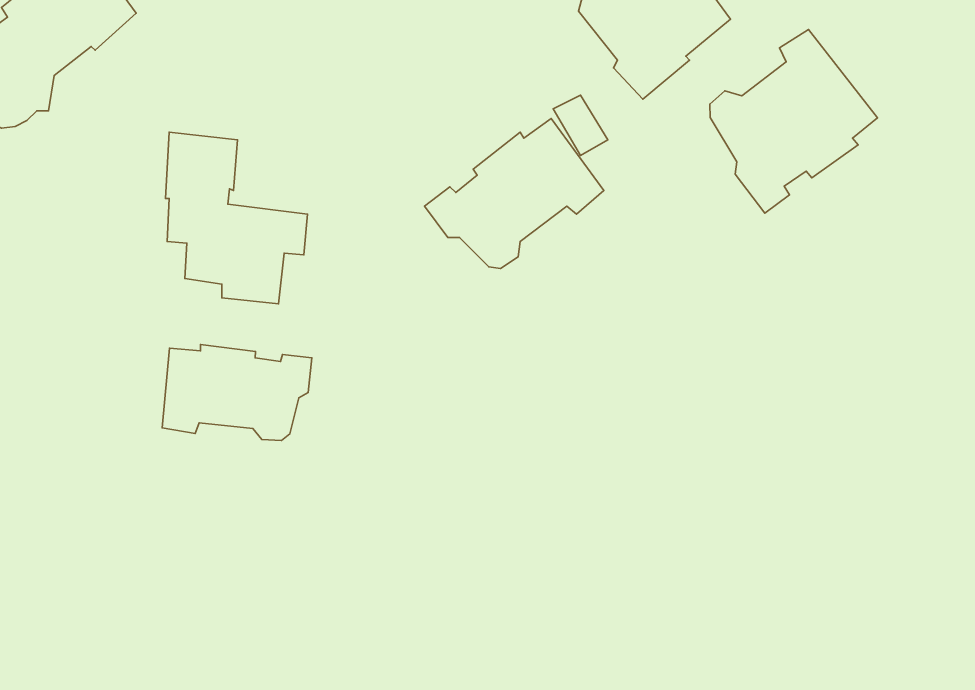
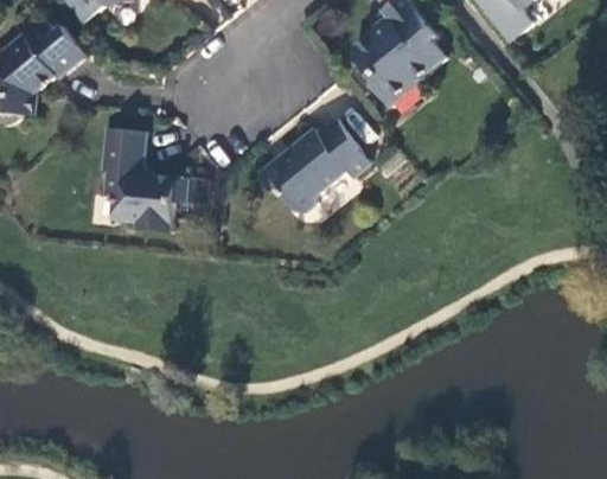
building: [710,29,877,213] -> none
building: [162,345,312,441] -> none

